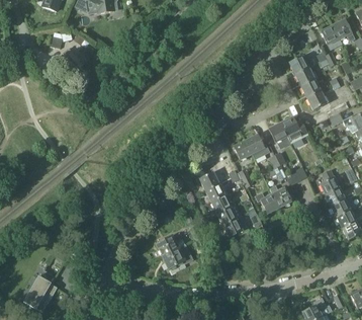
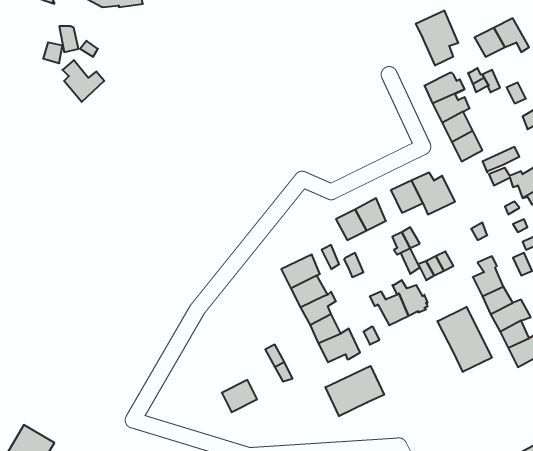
building: none -> [416,10,458,66]
building: none -> [437,307,492,372]
building: [156,232,185,256] -> none
building: none -> [325,366,384,416]

